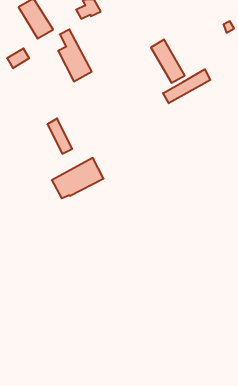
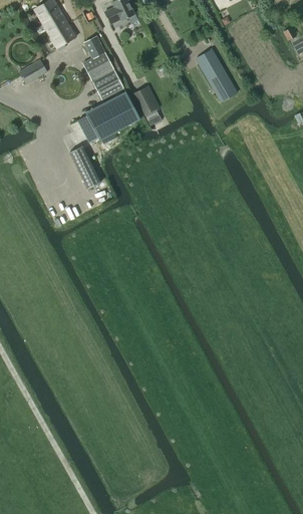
building: [163,69,210,103] -> none
building: none -> [134,85,160,114]
building: [52,158,104,198] -> [77,93,140,143]

